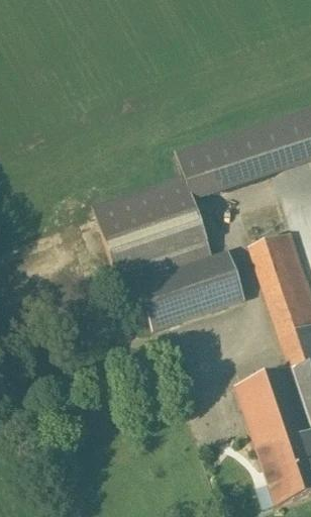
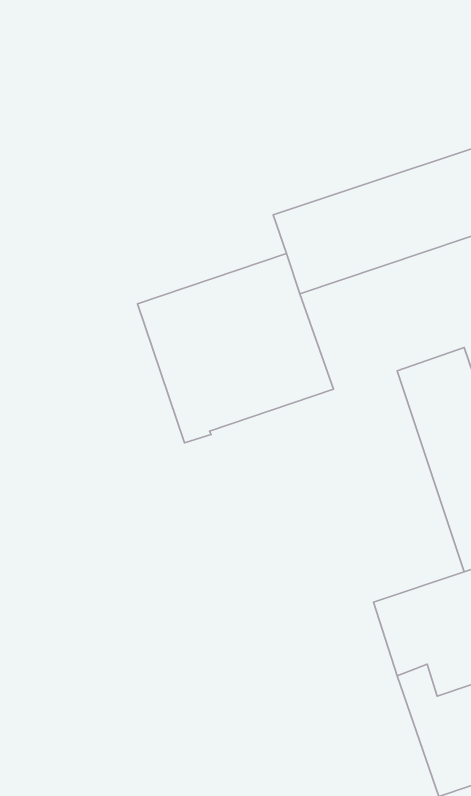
building: [137,251,245,329] -> none

